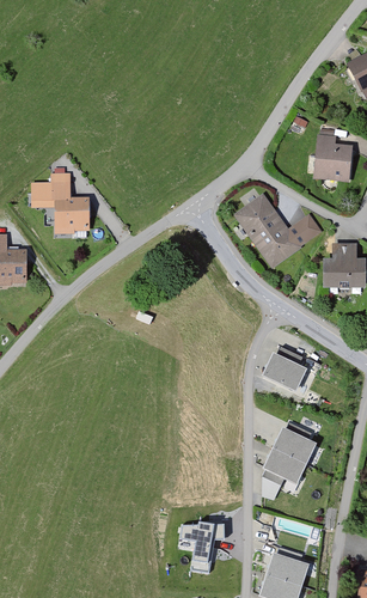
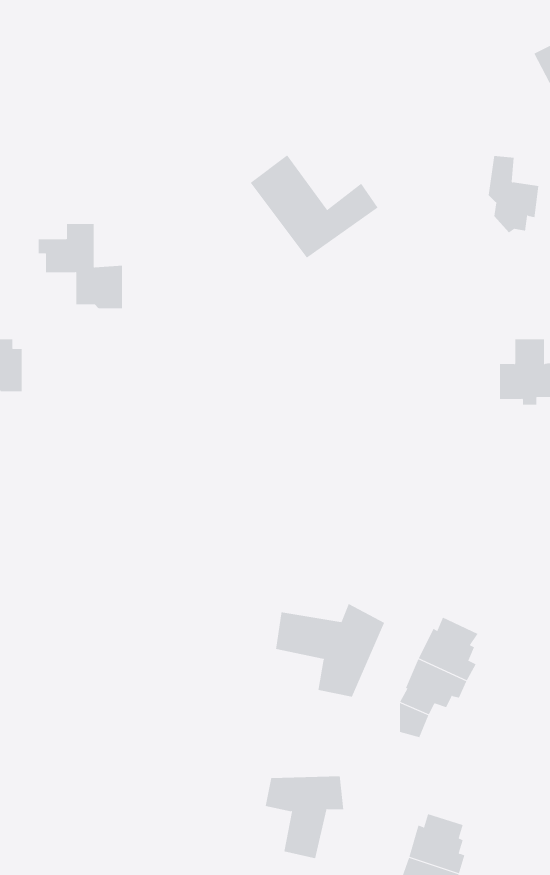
building: [238,197,319,263] -> [250,154,378,258]
building: [264,347,302,390] -> none
building: none -> [276,603,385,697]

